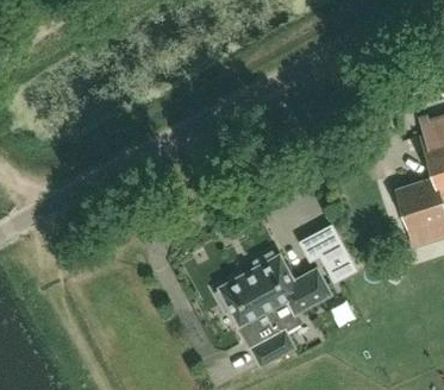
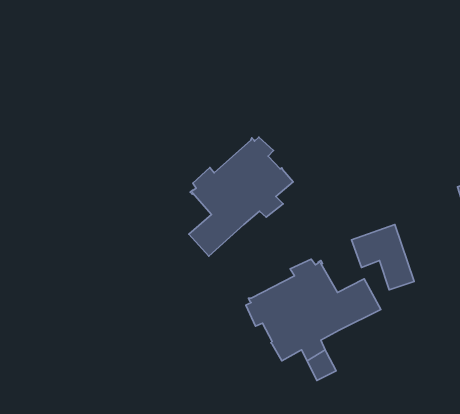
building: none -> [189,137,293,256]

